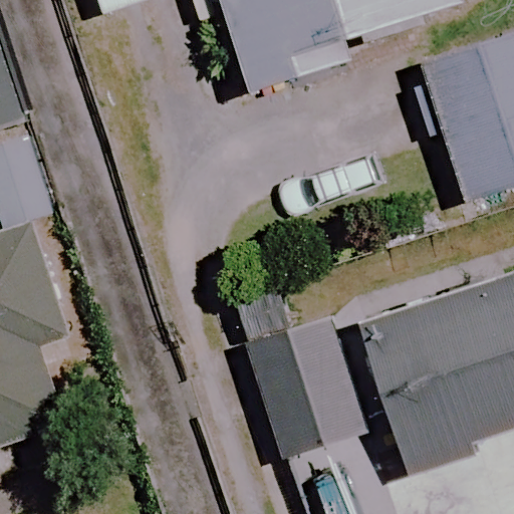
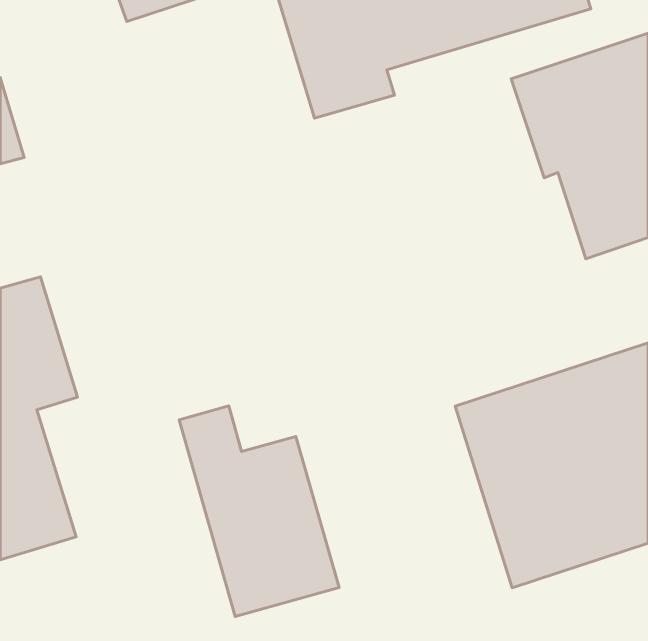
building: [236,293,362,460] -> [179,406,339,617]

